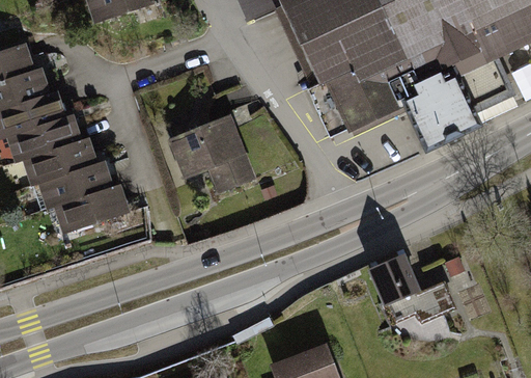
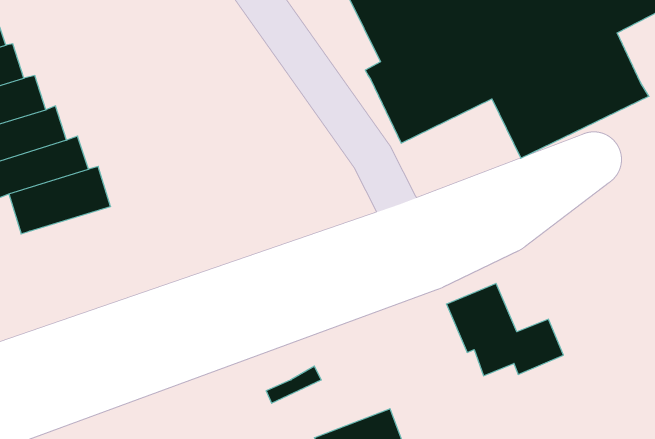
building: [167,113,256,195] -> none
building: [54,186,131,234] -> none

